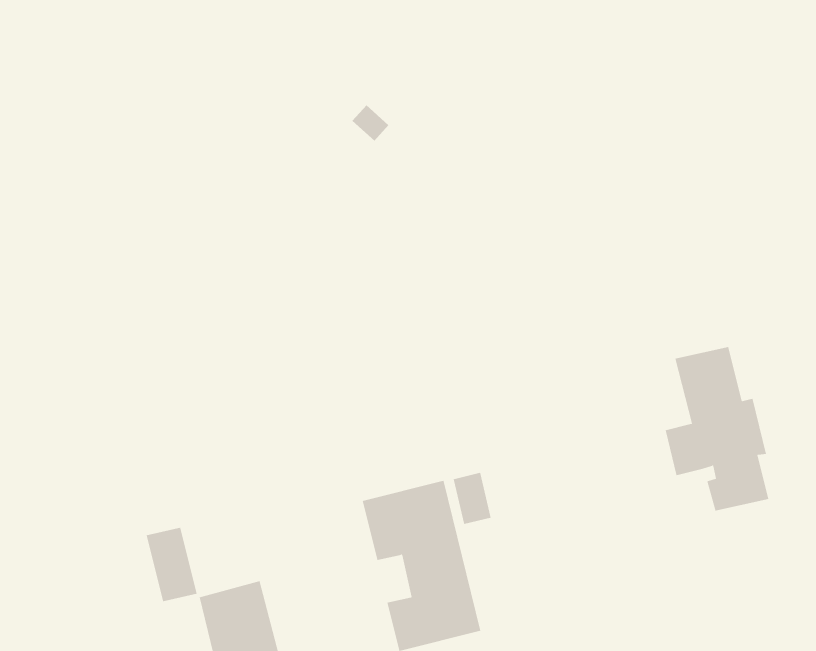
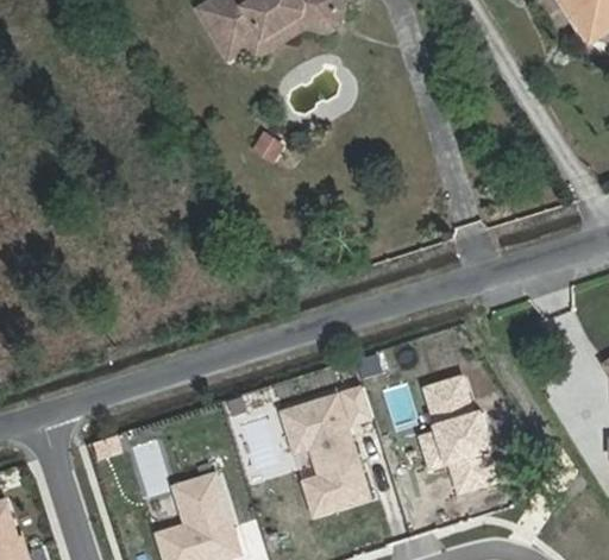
building: [665,346,769,511] -> [419,375,494,489]

